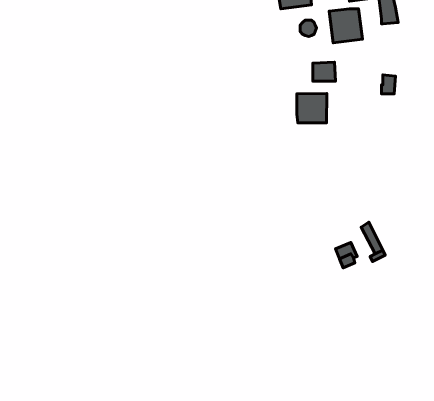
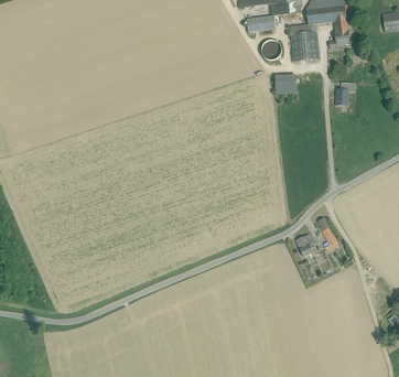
building: [297,94,327,123] -> none

